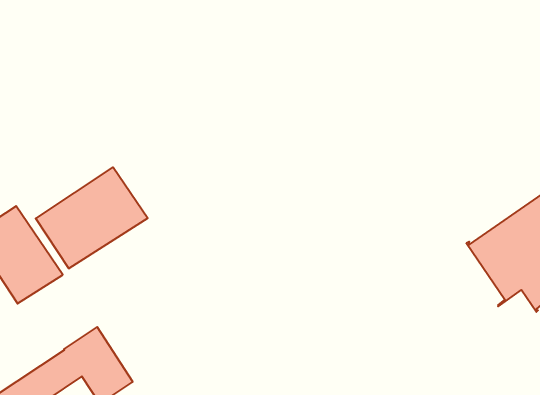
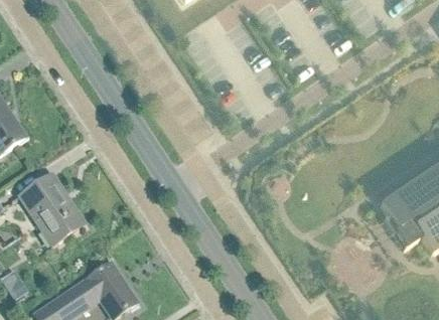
building: [36,167,148,269] -> none

